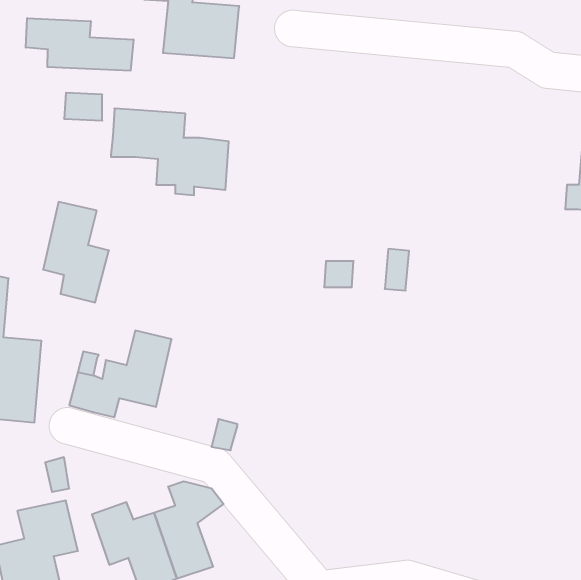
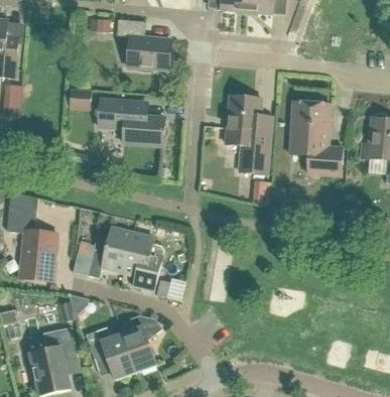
building: [26,18,133,71] -> none
building: none -> [225,95,269,173]
building: none -> [289,101,342,174]
building: [43,202,109,303] -> [123,232,161,290]

